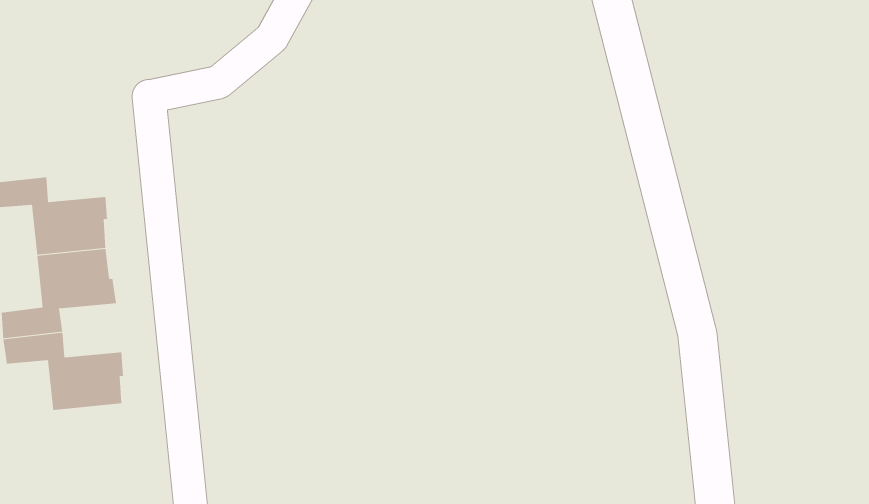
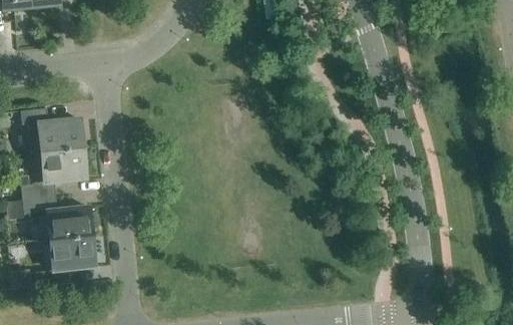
building: none -> [29,236,94,288]

